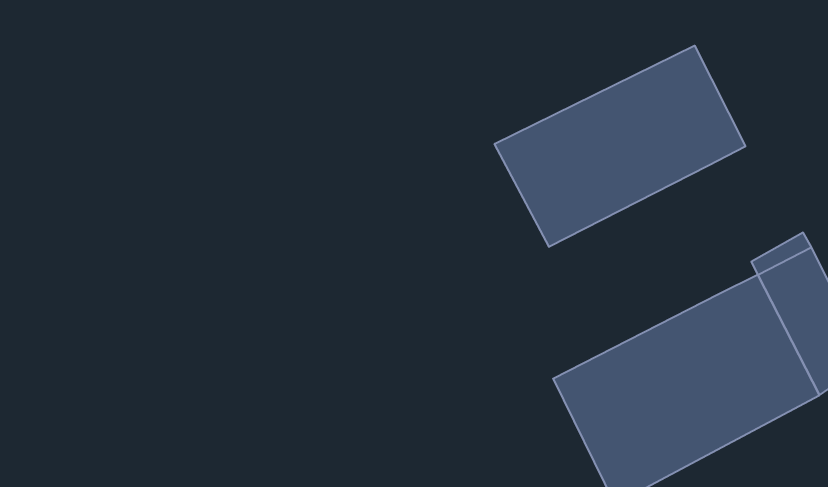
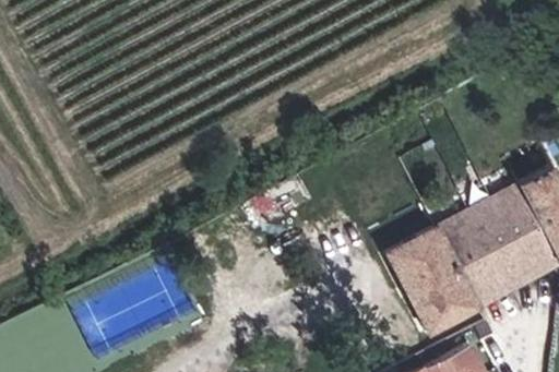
building: [495,46,745,247] -> none

